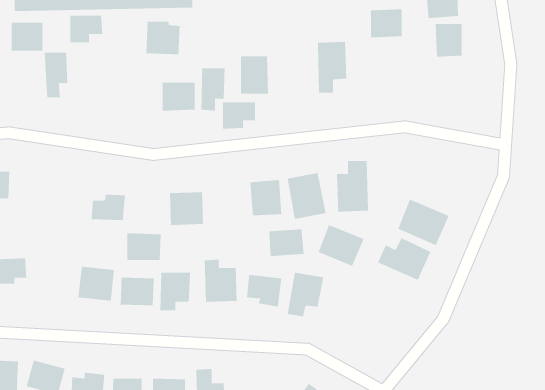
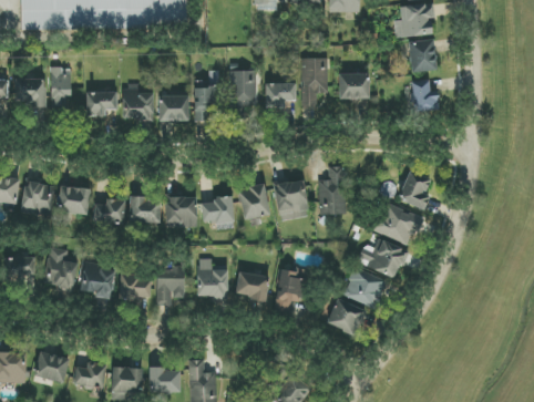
building: [370,9,403,38] -> [338,73,368,100]
building: [69,15,103,43] -> [85,92,116,117]
building: [146,21,180,55] -> [121,89,153,120]
building: [11,22,43,51] -> [14,79,44,105]
building: none -> [411,81,438,111]
building: [222,102,256,129] -> [264,83,295,109]
building: none -> [398,169,430,208]
building: none -> [20,181,53,214]
building: none -> [57,186,90,215]
building: [318,224,365,266] -> [343,268,387,307]
building: [269,229,305,257] -> [201,198,234,224]
building: [127,233,162,261] -> [129,197,161,223]
building: none -> [43,248,76,289]
building: none -> [327,298,366,336]

